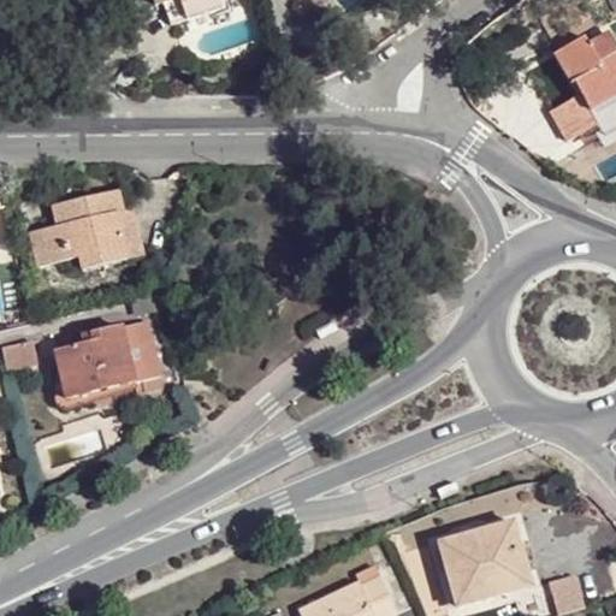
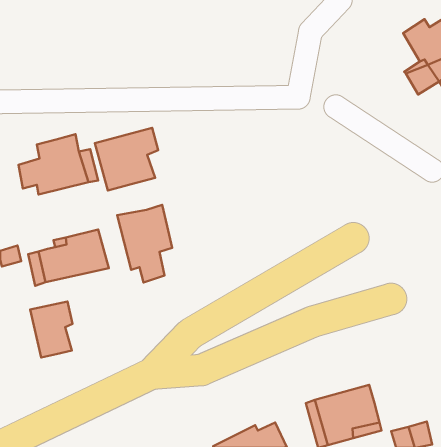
building: none -> [95,128,158,190]
building: none -> [117,205,172,282]
building: none -> [30,301,72,357]

